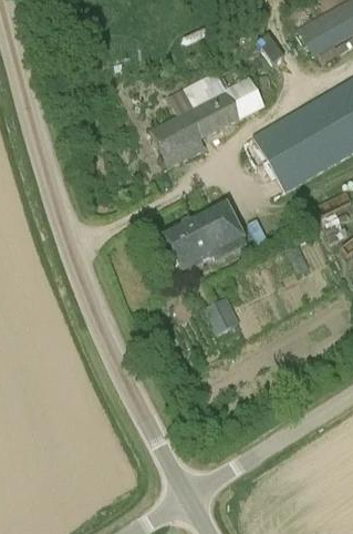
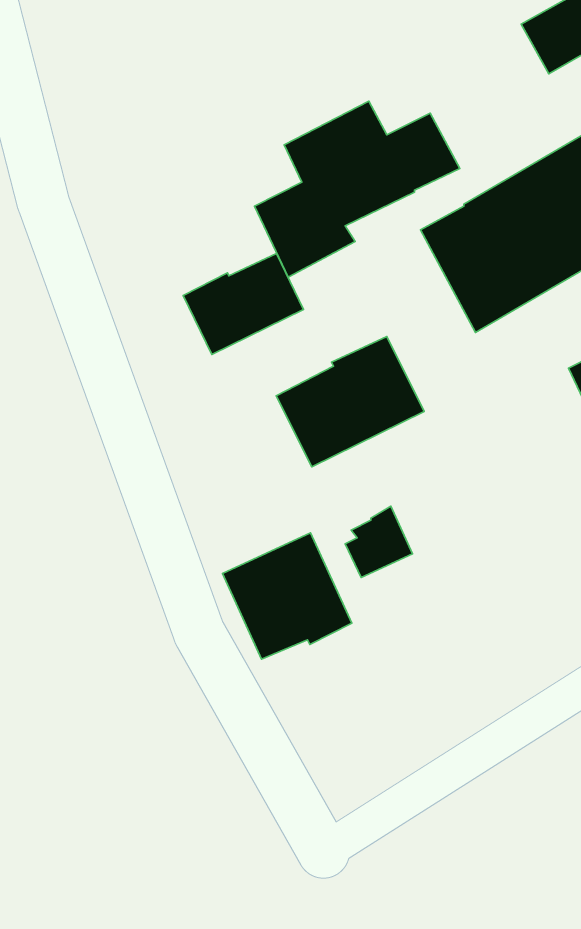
building: none -> [183,254,304,355]
building: none -> [223,533,352,659]

